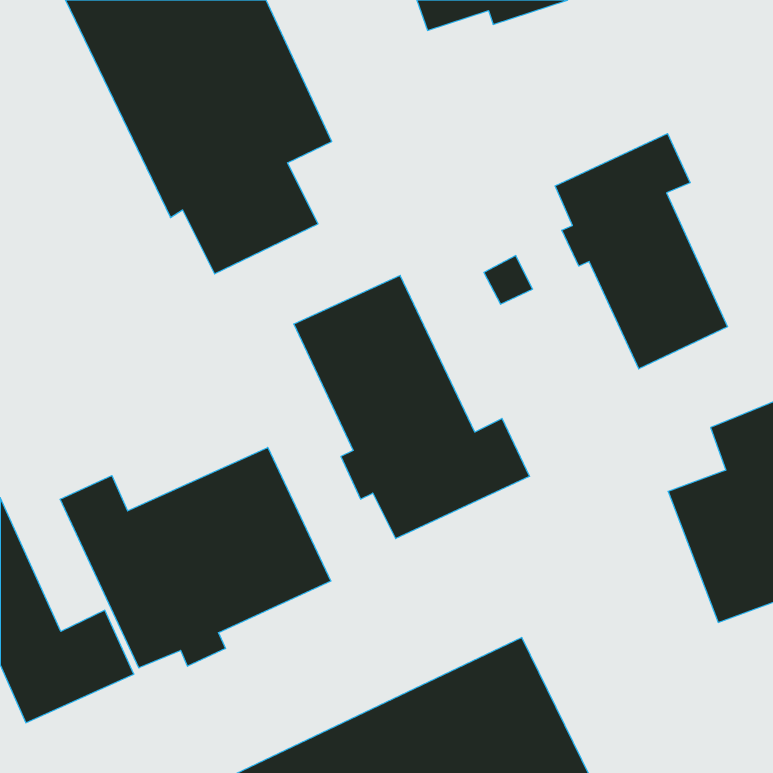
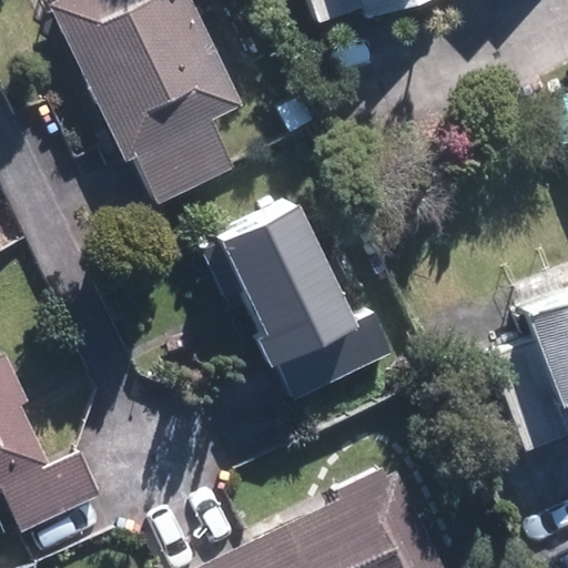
building: [555,134,728,369] -> none
building: [60,447,331,668] -> none

